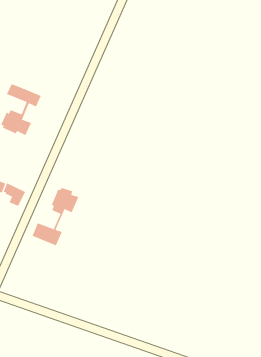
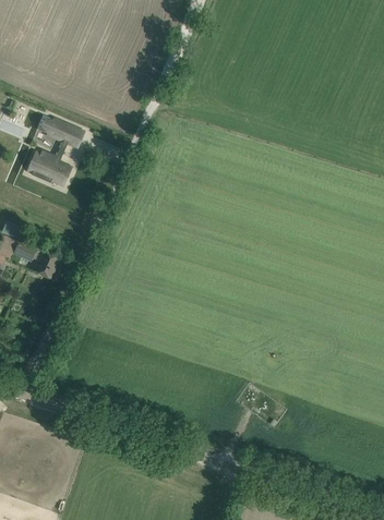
building: [32,187,79,246] -> none

